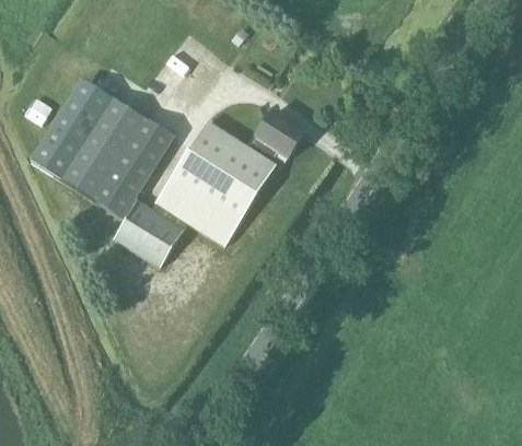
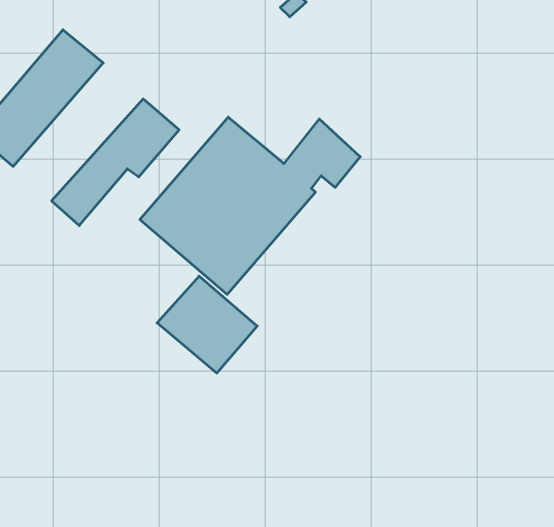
building: [61,96,144,198] -> none
building: [113,200,183,266] -> [157,276,257,373]

